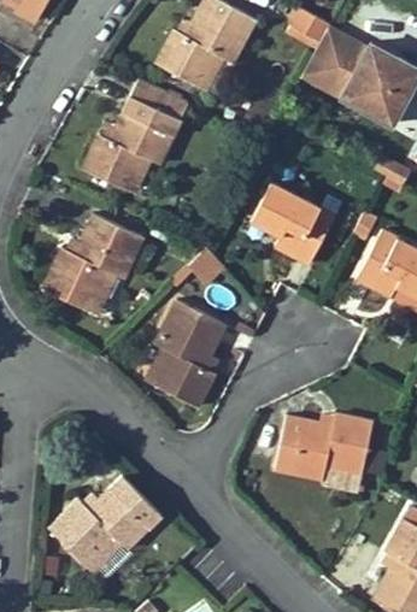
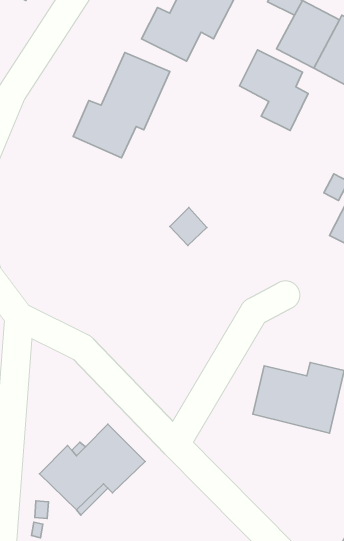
building: [253,178,327,265] -> [240,50,308,131]
building: [41,213,142,316] -> none
building: [147,302,224,407] -> none

